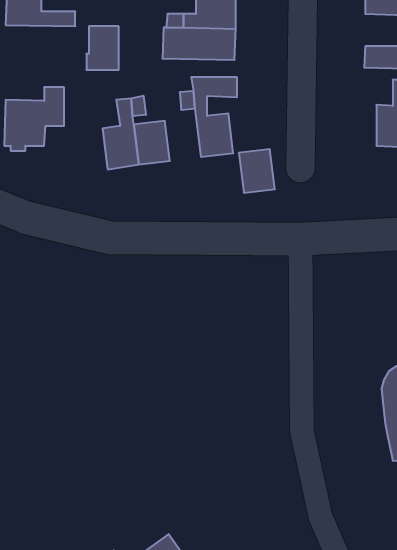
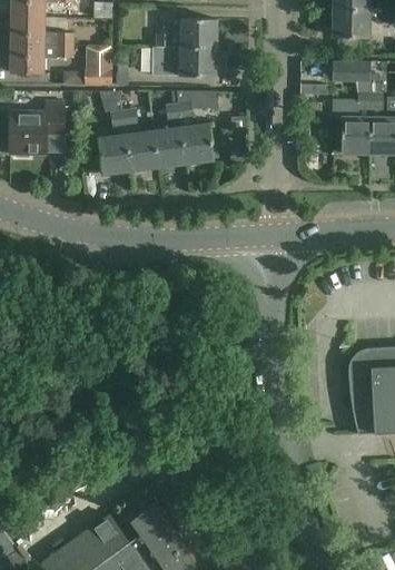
building: none -> [11,45,73,73]
building: [239,149,275,193] -> [154,127,186,166]

